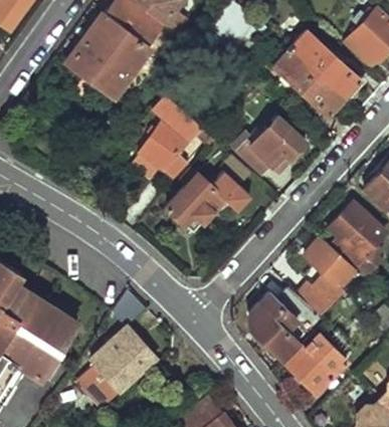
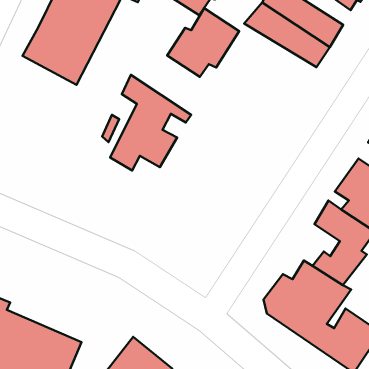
building: [237,114,306,175] -> [167,8,239,77]
building: [167,156,249,230] -> none

